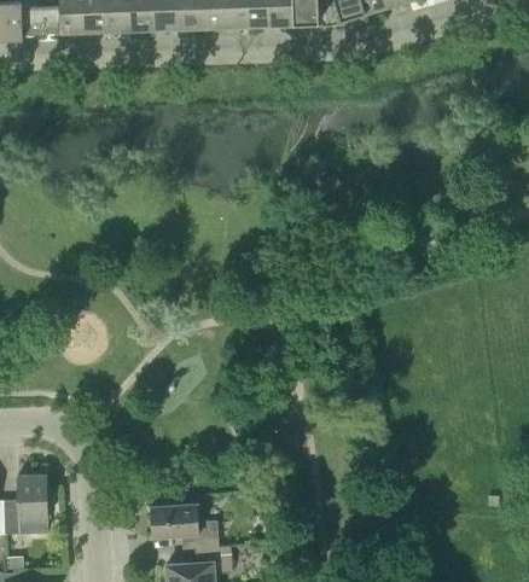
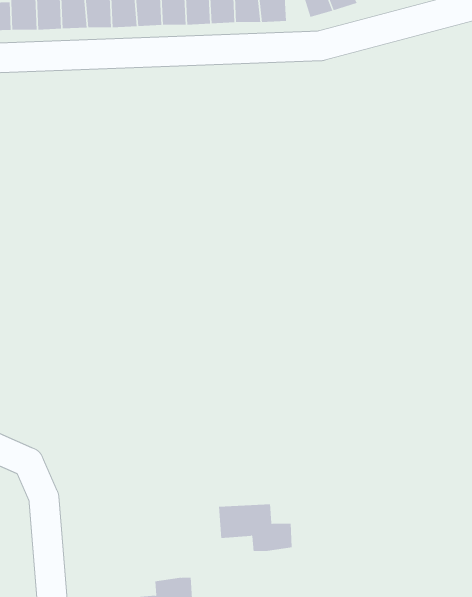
building: [150,504,220,548] -> [218,504,293,552]

